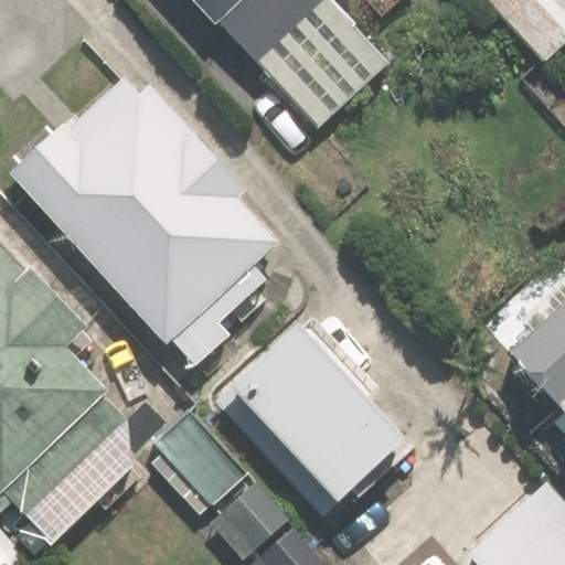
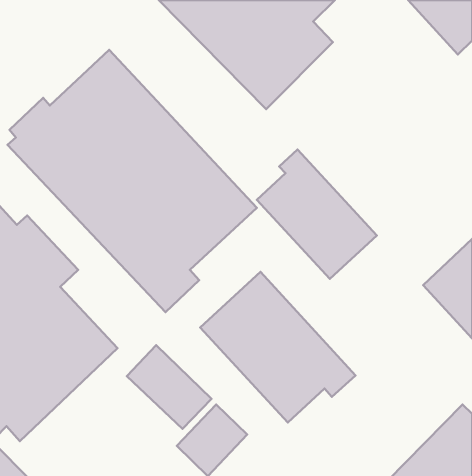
building: none -> [257,149,377,279]

